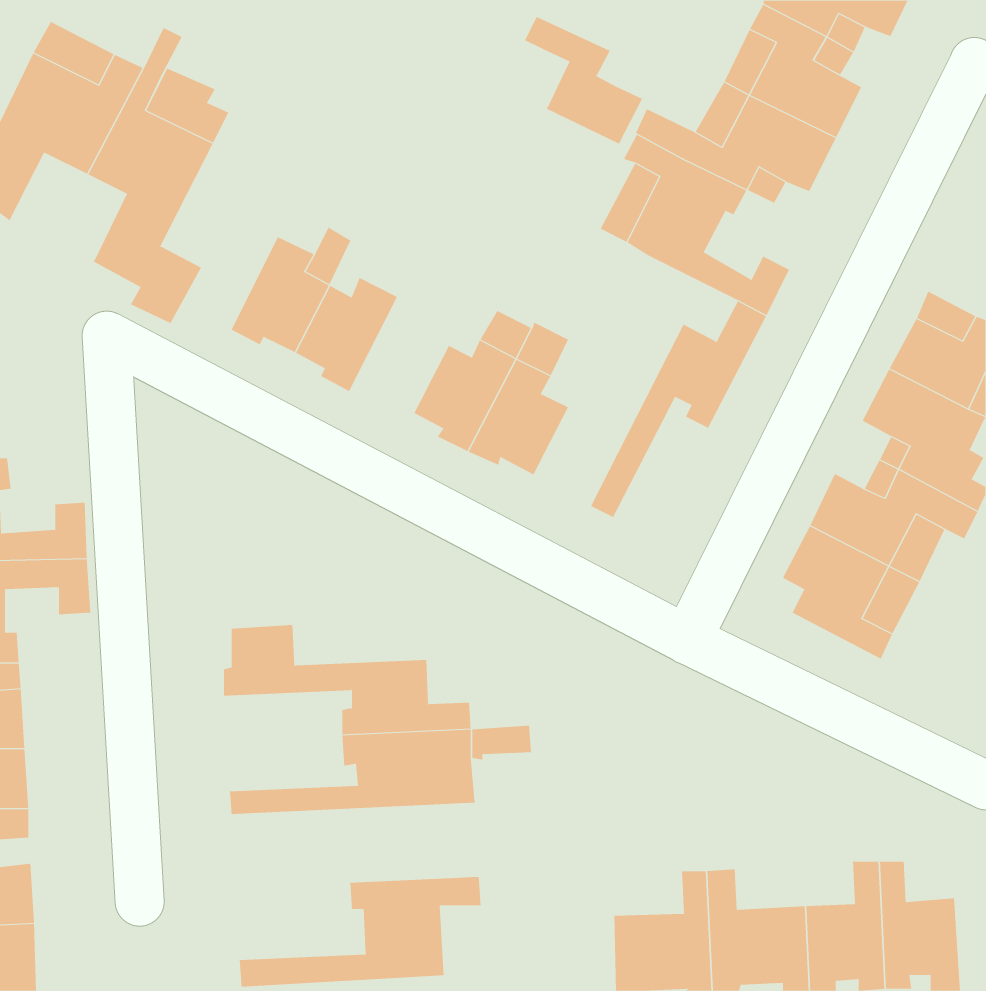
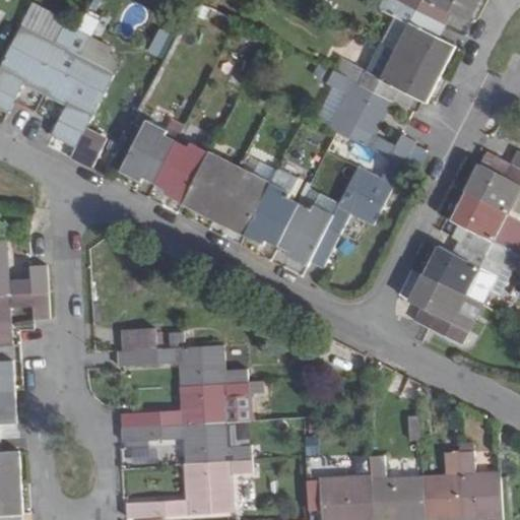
building: [524,16,643,145] -> none
building: none -> [183,155,235,216]
building: none -> [279,199,337,268]
building: none -> [121,421,251,462]

